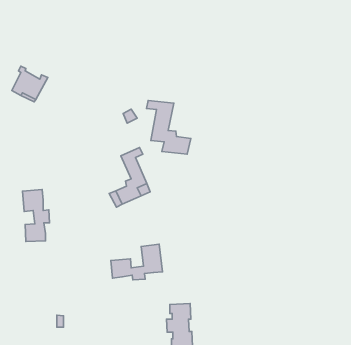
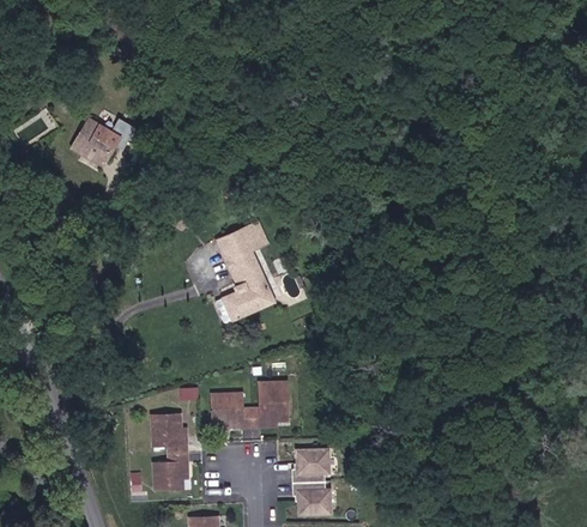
building: [146,100,191,154] -> none
building: [23,189,50,242] -> [149,416,188,492]

